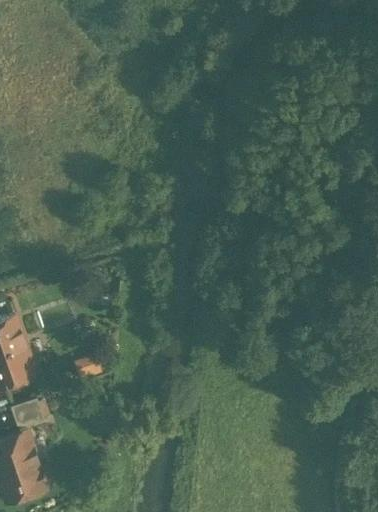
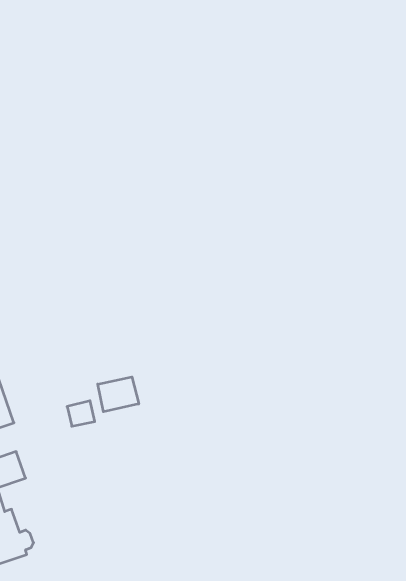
building: none -> [98,377,139,412]

